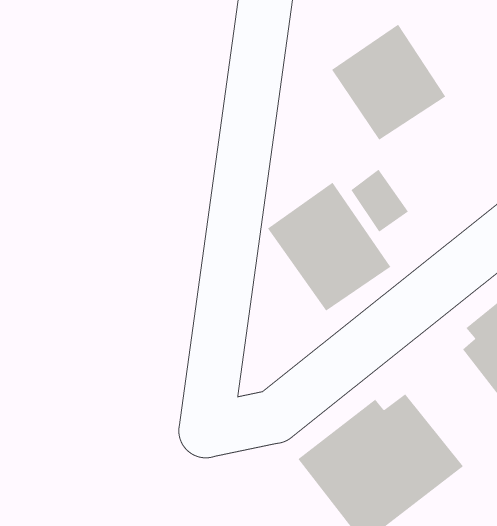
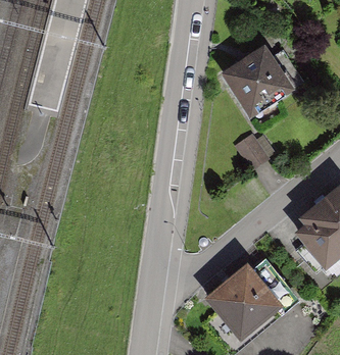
building: [267,182,391,312] -> none

